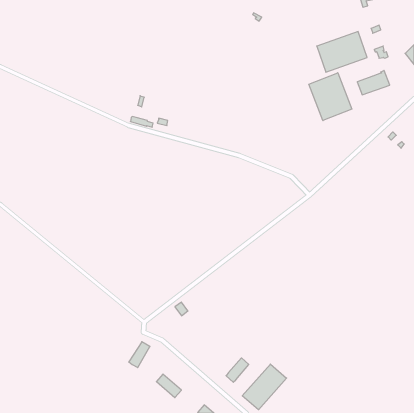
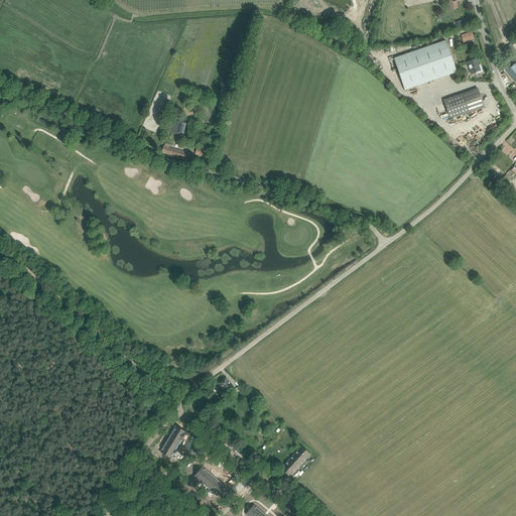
building: [309,73,352,121] -> none
building: [242,364,287,410] -> none

